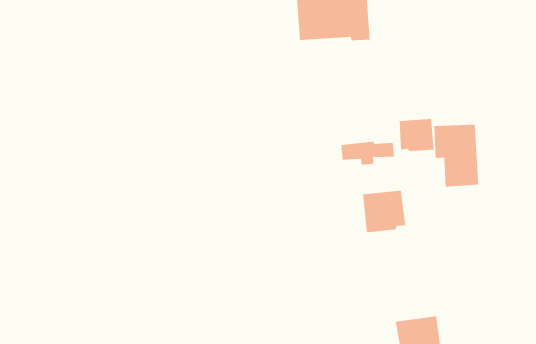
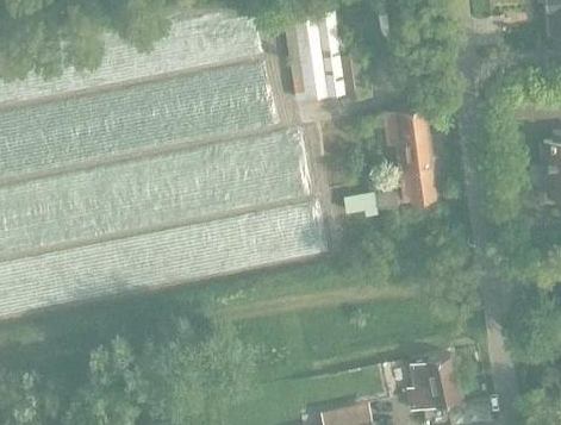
building: [434,124,479,188] -> [384,106,432,170]
building: [362,190,406,233] -> none

